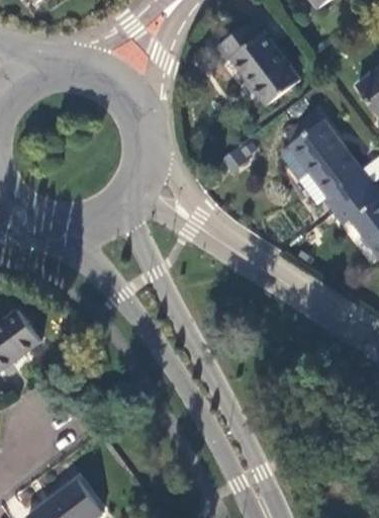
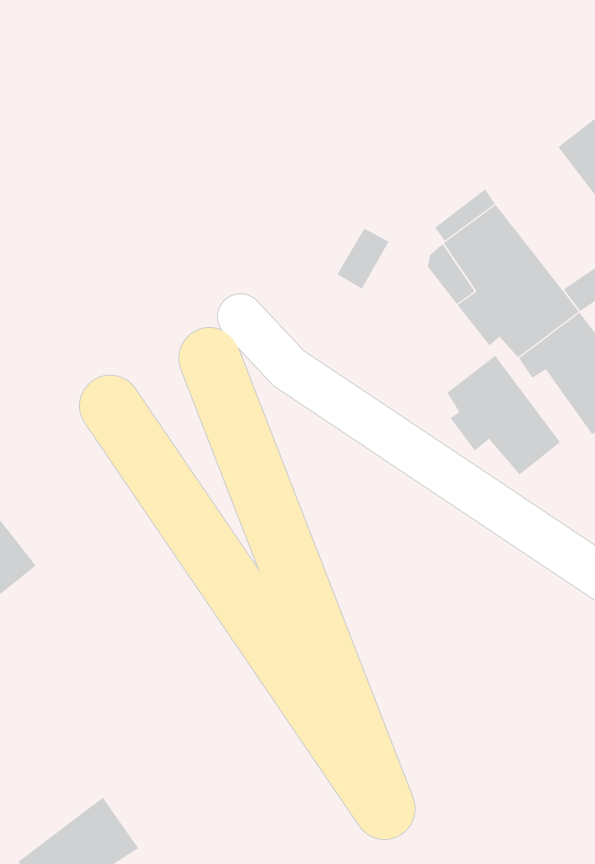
building: [215,21,297,105] -> none
building: none -> [447,355,561,475]

